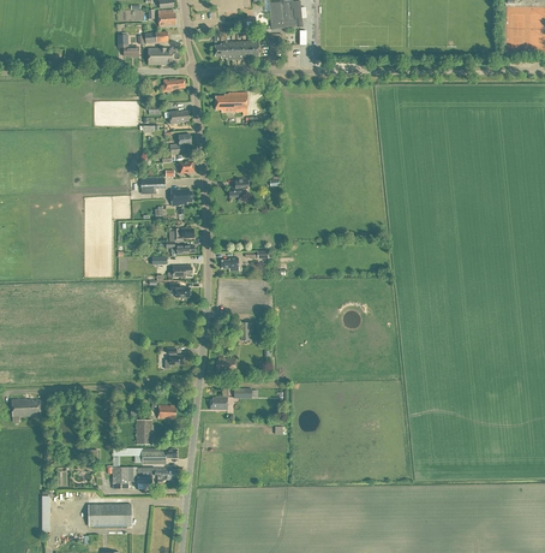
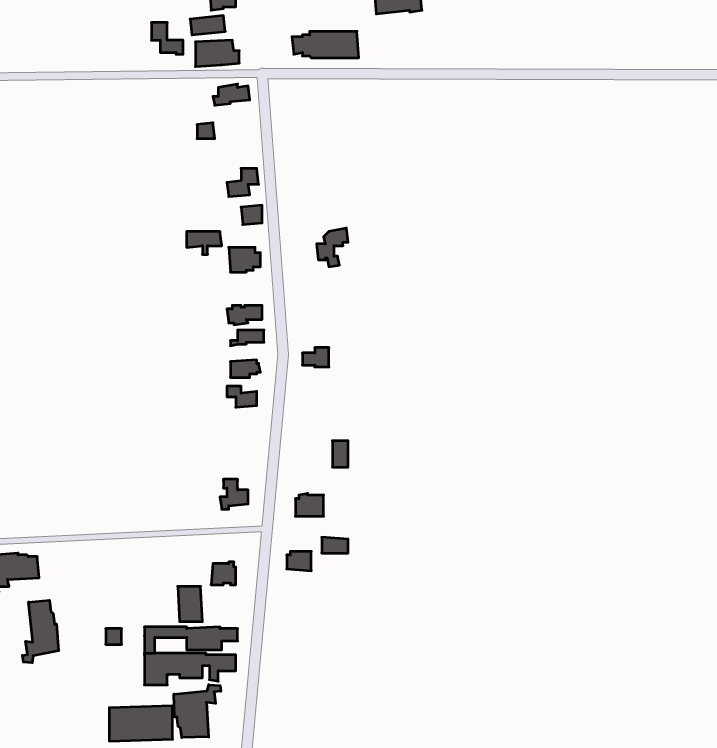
building: [215,91,248,112] -> none
building: none -> [22,600,59,663]
building: none -> [174,685,221,738]

